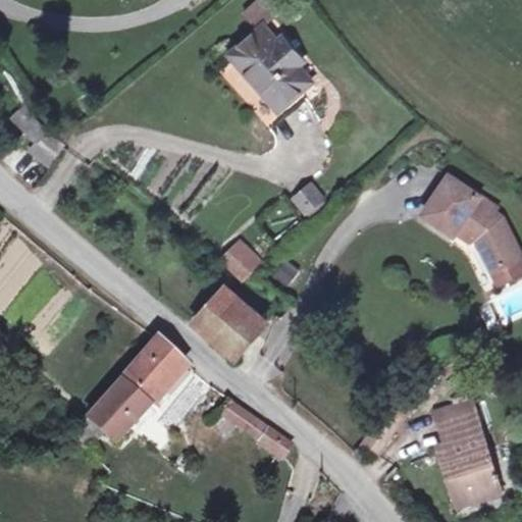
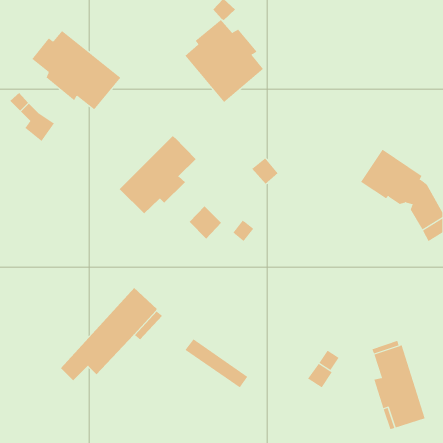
building: none -> [32,30,121,110]
building: none -> [119,135,197,214]
building: [193,284,265,357] -> none

